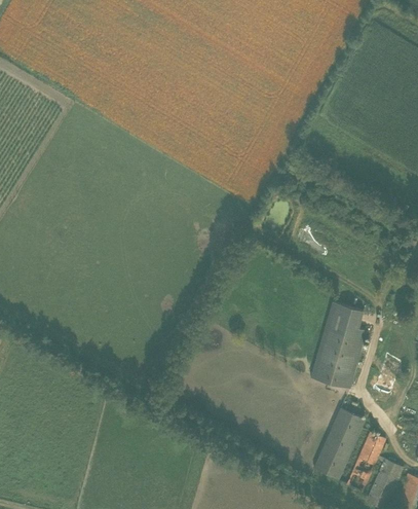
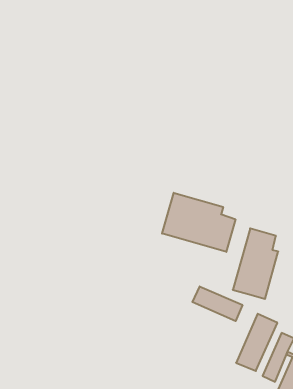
building: none -> [162,193,235,252]
building: none -> [192,286,242,321]

